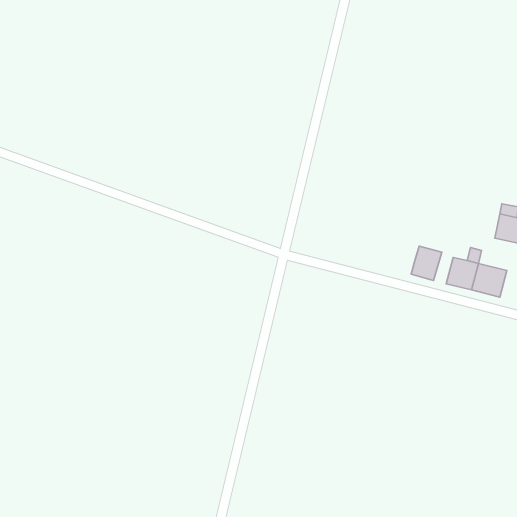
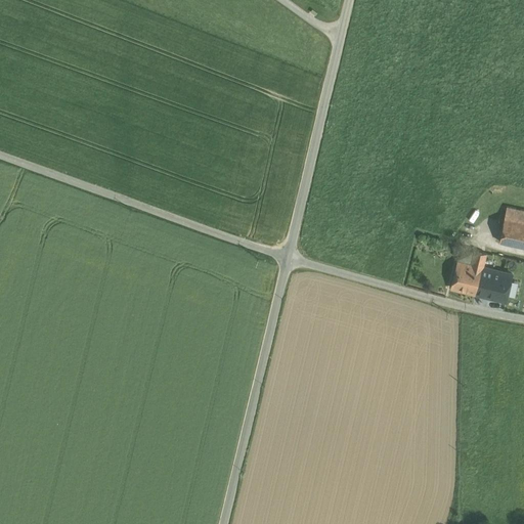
building: [411,246,442,280] -> none

